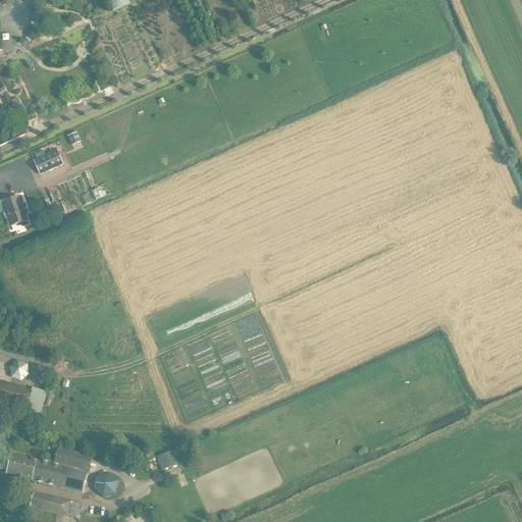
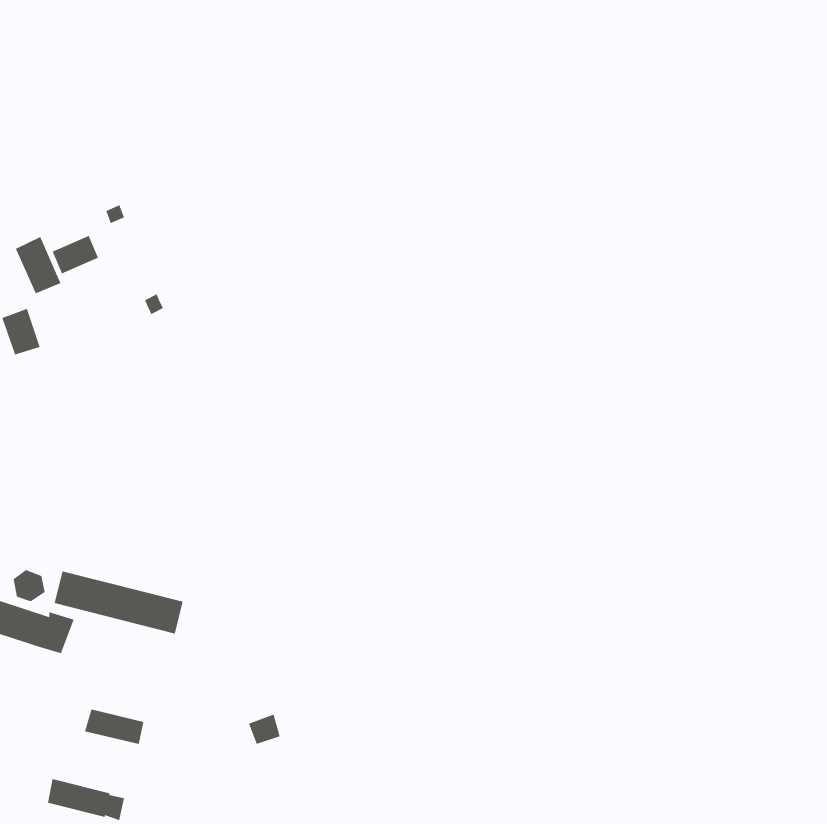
building: none -> [15,236,61,294]
building: [5,452,87,491] -> [54,571,184,634]
building: [91,471,115,494] -> none

